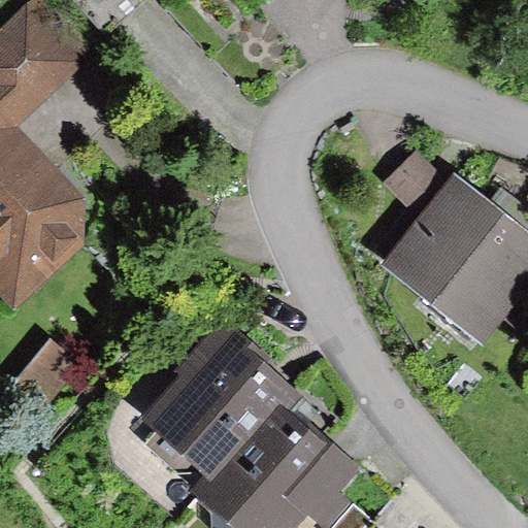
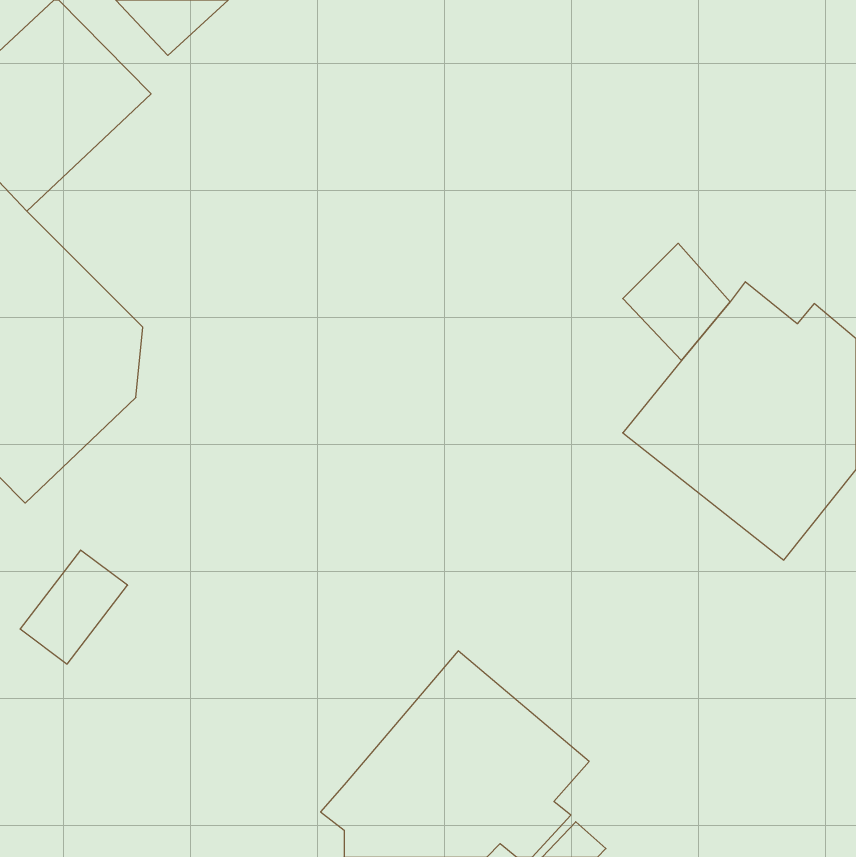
building: [135,315,292,483] -> none

